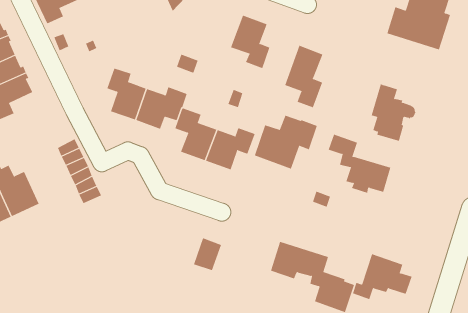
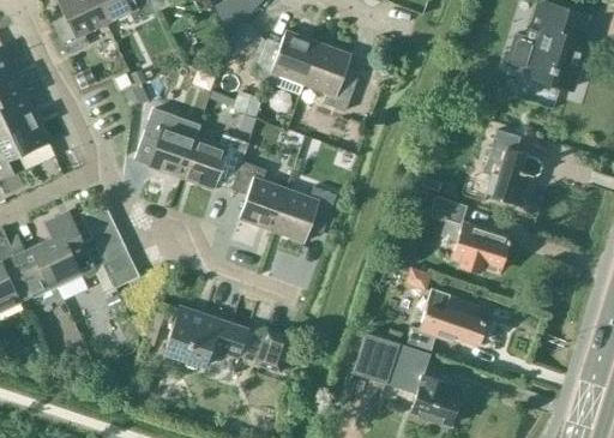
building: none -> [252,30,318,85]
building: [285,45,323,108] -> none
building: [254,115,318,170] -> none
building: none -> [37,211,97,286]
building: none -> [163,306,247,367]
building: [352,253,413,300] -> [408,290,486,350]

